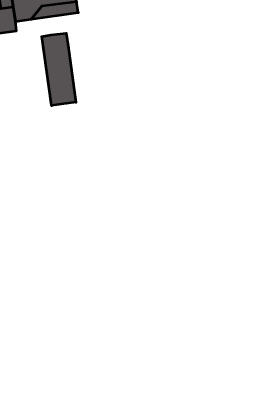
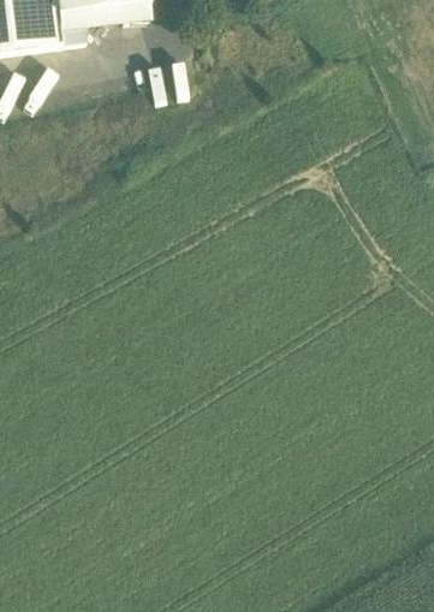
building: [42,33,76,106] -> none

